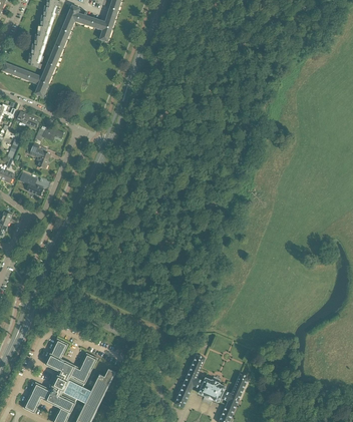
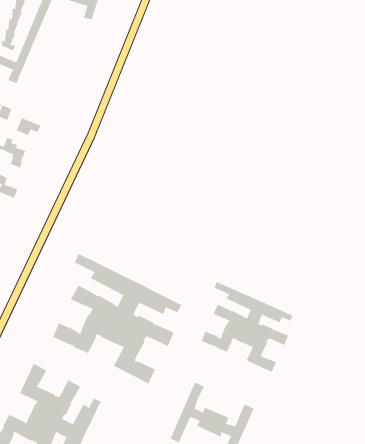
building: none -> [53,252,182,385]
building: none -> [201,281,293,373]

